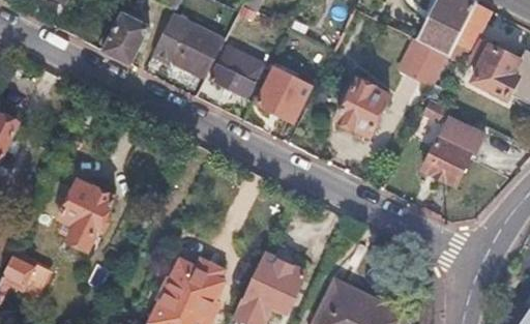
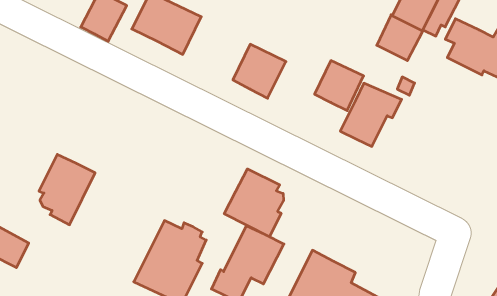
building: [209,48,264,98] -> none
building: [423,119,485,183] -> [340,83,402,146]
building: none -> [224,169,283,237]

